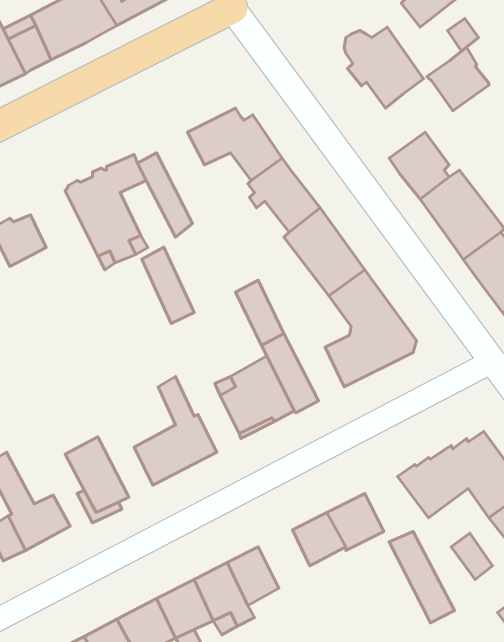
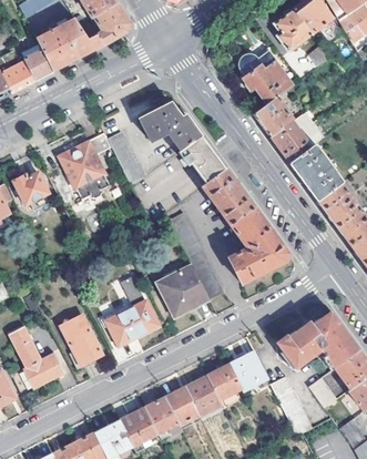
building: [427,47,489,111] -> [253,94,293,135]
building: [142,247,194,323] -> none
building: none -> [185,375,222,414]

